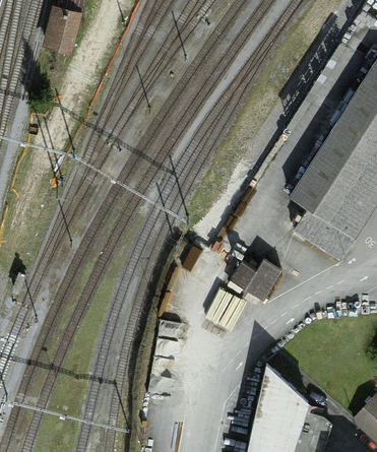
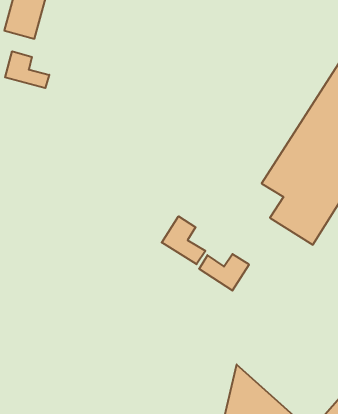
building: none -> [5,51,49,88]
building: none -> [162,216,205,264]

